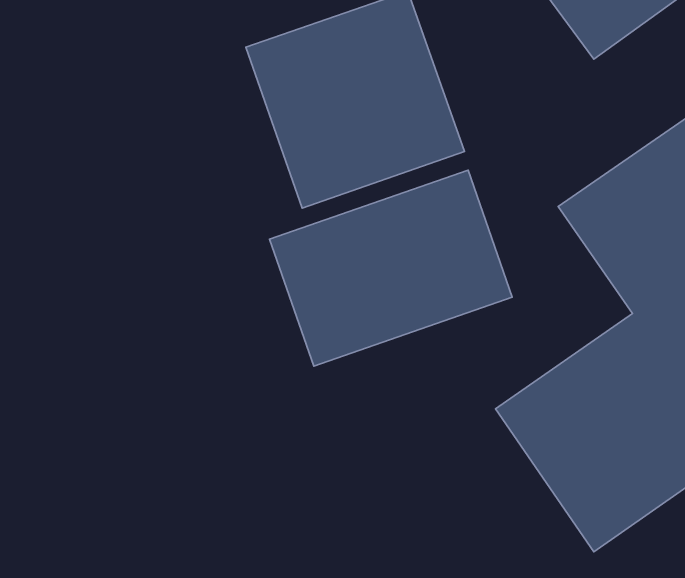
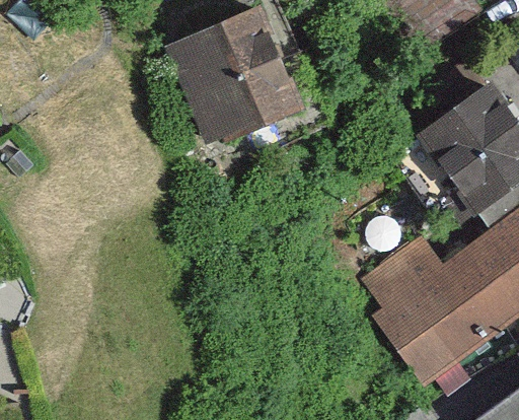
building: [270,170,512,366] -> none

